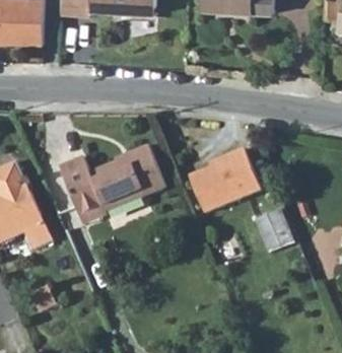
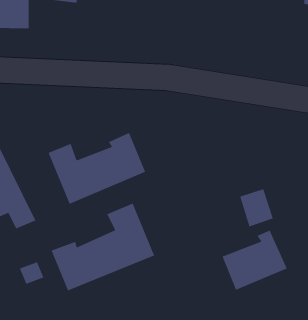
building: [193,150,261,213] -> [222,229,288,291]
building: none -> [51,203,155,291]

